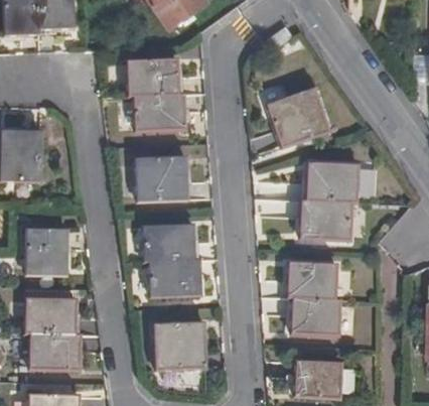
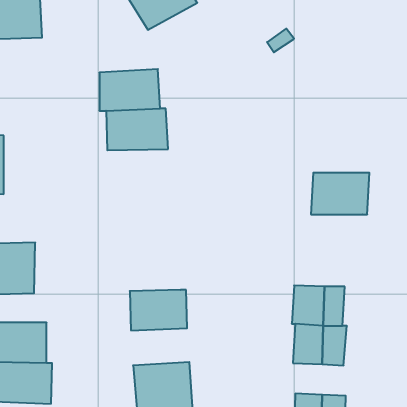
building: [269,93,331,151] -> none
building: [135,165,188,210] -> none
building: [307,197,359,237] -> none
building: [144,231,195,267] -> none

